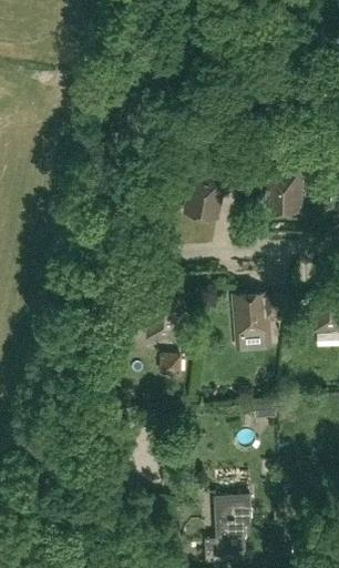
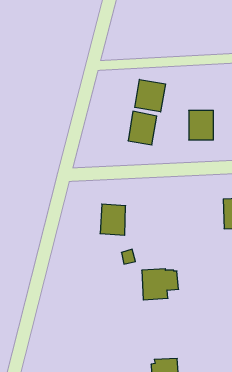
building: none -> [135,79,165,112]
building: [233,295,282,337] -> [142,269,179,300]

